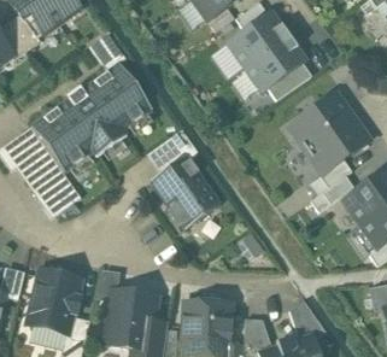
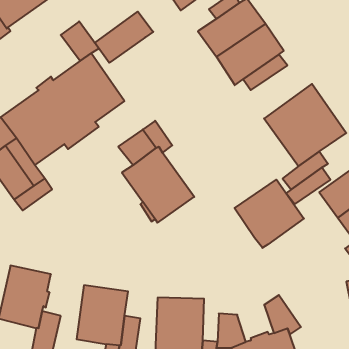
building: none -> [95,12,153,63]
building: none -> [235,180,304,248]

